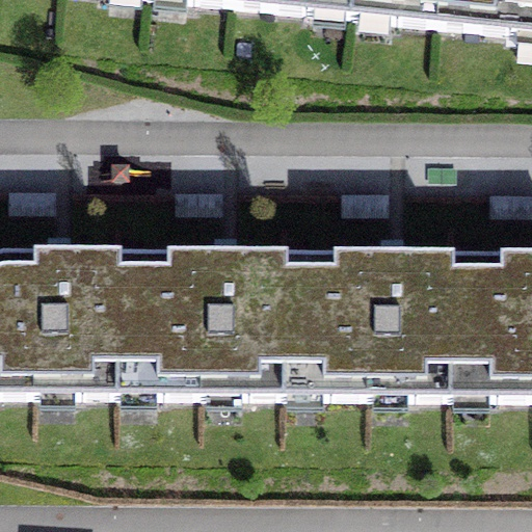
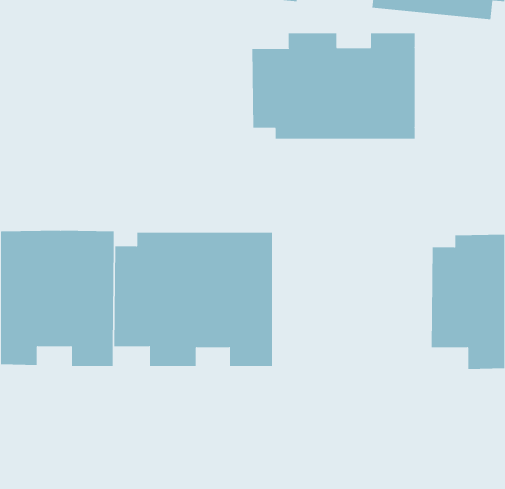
building: none -> [252,33,415,140]
building: [287,245,454,387] -> none

